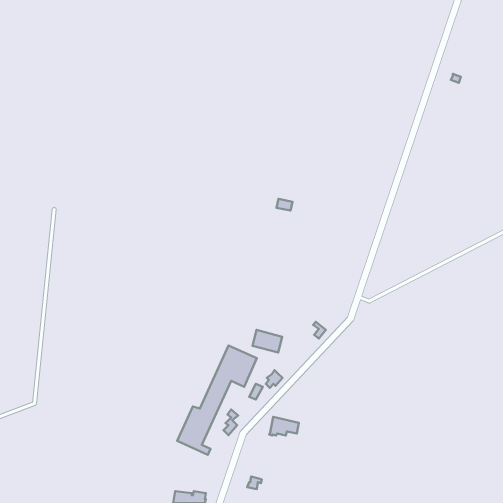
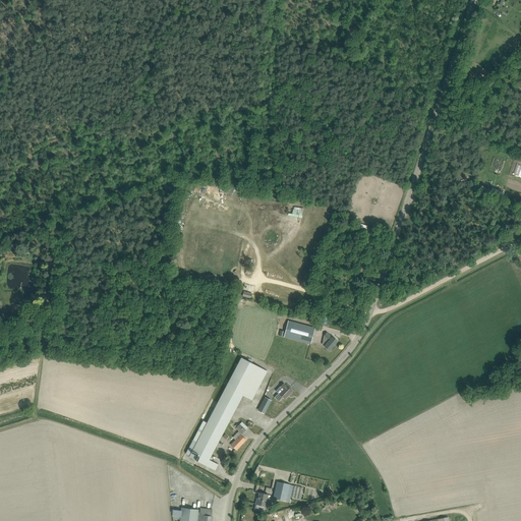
building: [253,330,282,353] -> [284,321,314,344]
building: [269,417,299,436] -> [273,481,303,501]

